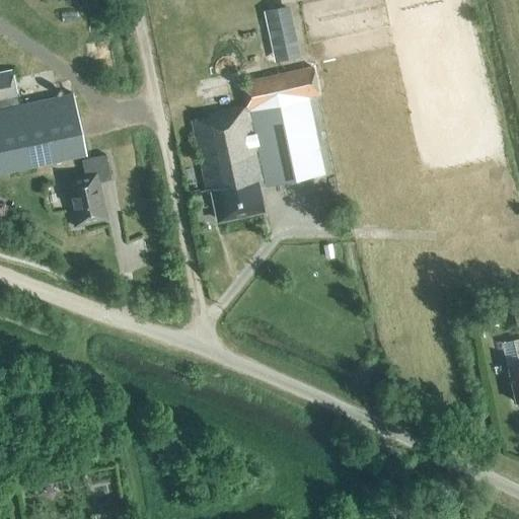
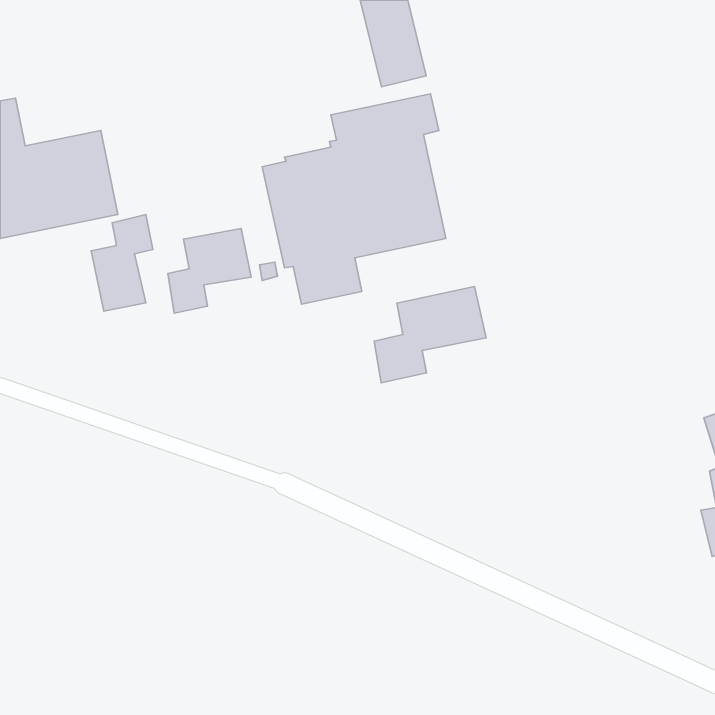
building: none -> [168,228,251,313]
building: none -> [374,287,486,383]

